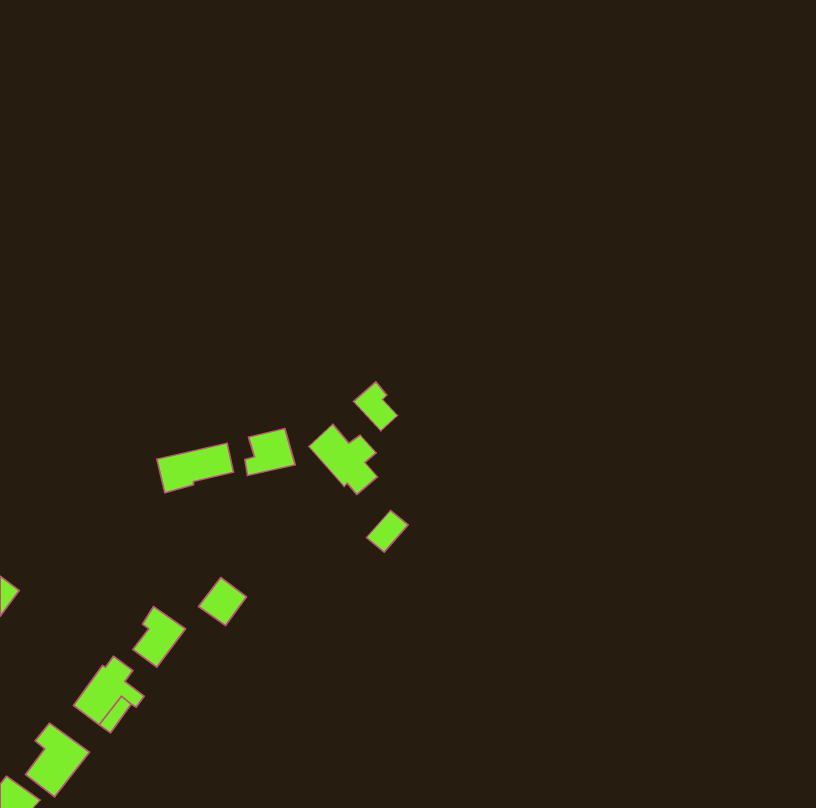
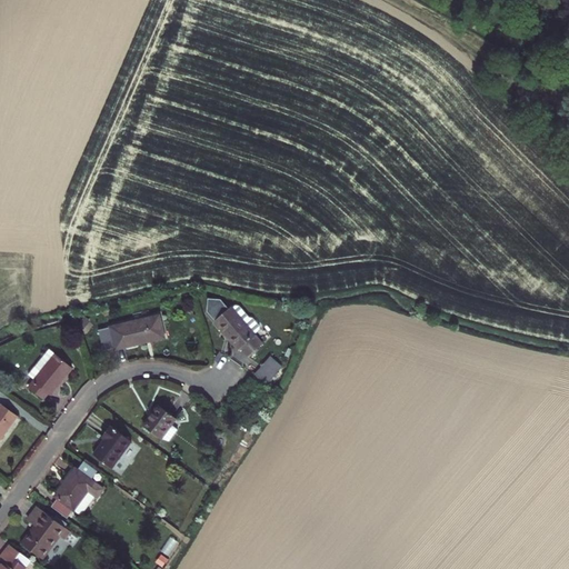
building: [353,382,398,431] -> none
building: [245,428,295,476] -> none
building: none -> [23,350,68,401]

